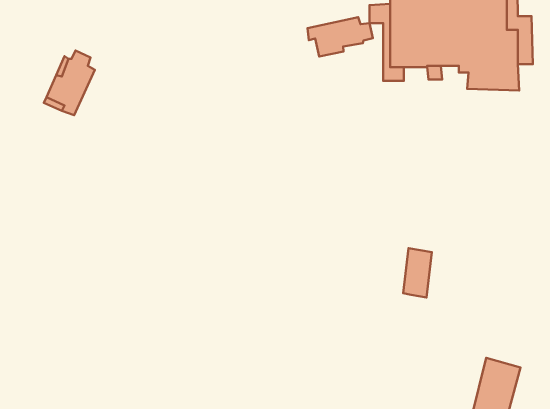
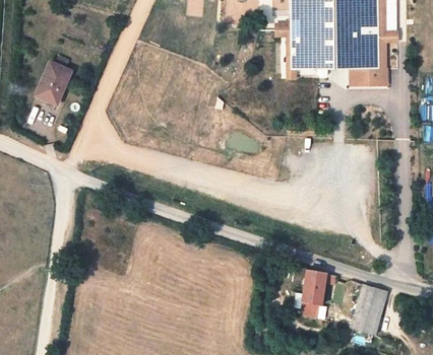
building: [308,17,373,57] -> none
building: [403,248,432,297] -> [304,269,325,305]

